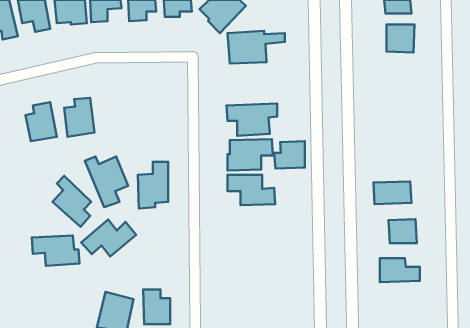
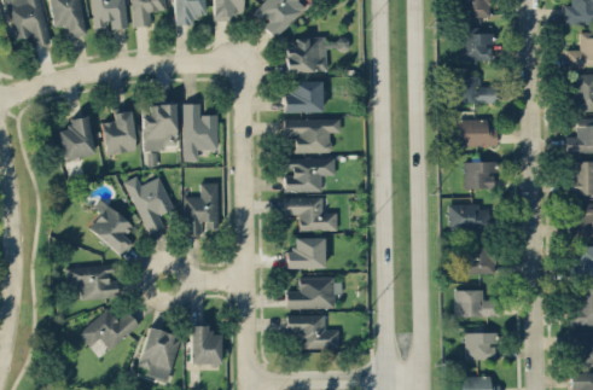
building: none -> [448,76,496,103]
building: none -> [284,81,322,112]
building: none -> [184,103,219,161]
building: none -> [143,104,178,151]
building: none -> [459,118,498,145]
building: [274,141,305,168] -> none
building: none -> [465,162,495,188]
building: none -> [286,237,325,268]
building: [81,220,136,256] -> [79,308,140,349]
building: none -> [286,277,335,308]
building: none -> [287,314,339,349]
building: none -> [465,332,496,359]

